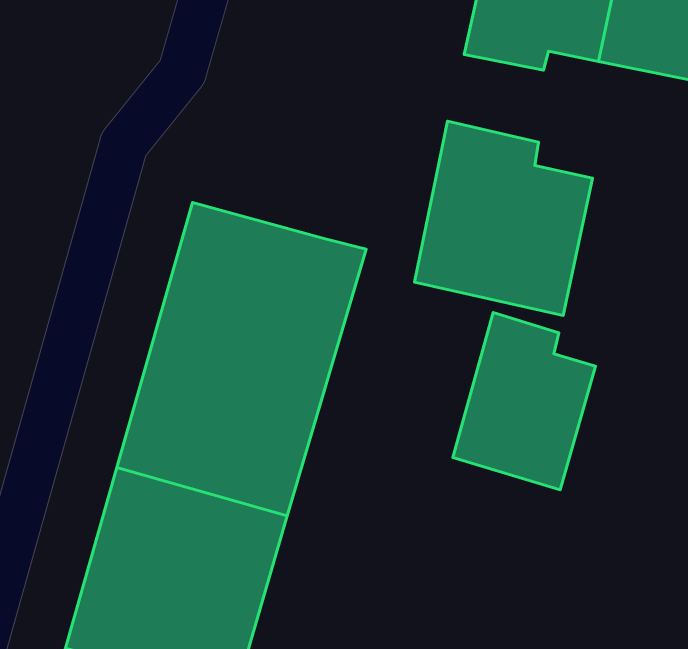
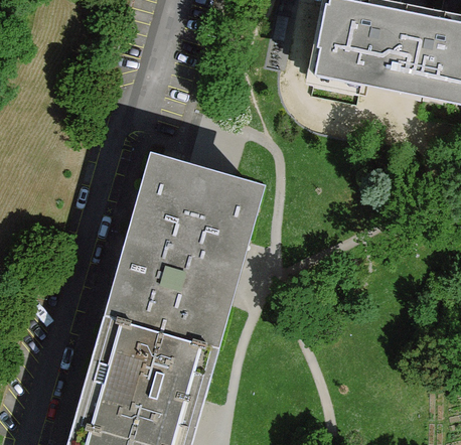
building: [415,121,592,316] -> none
building: [453,312,596,490] -> none

